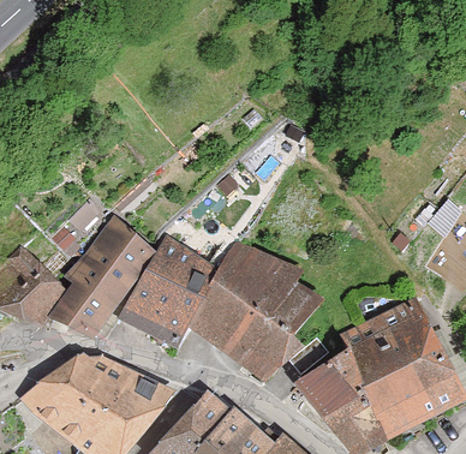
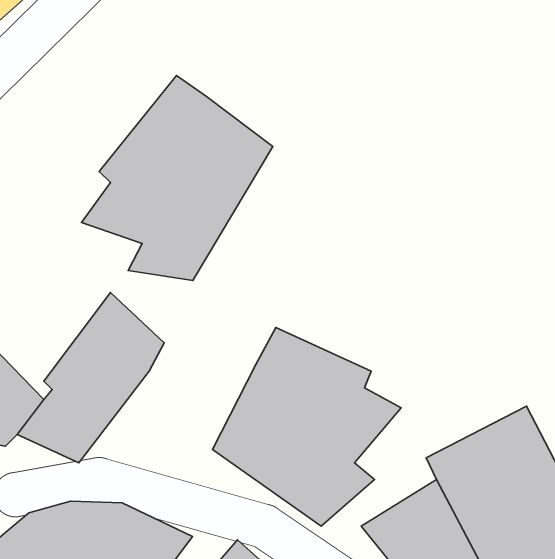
building: none -> [81,76,273,280]
building: [118,237,219,348] -> none

